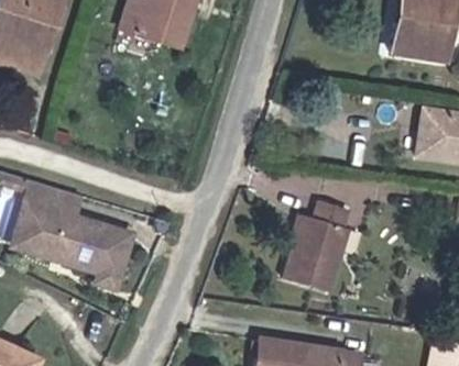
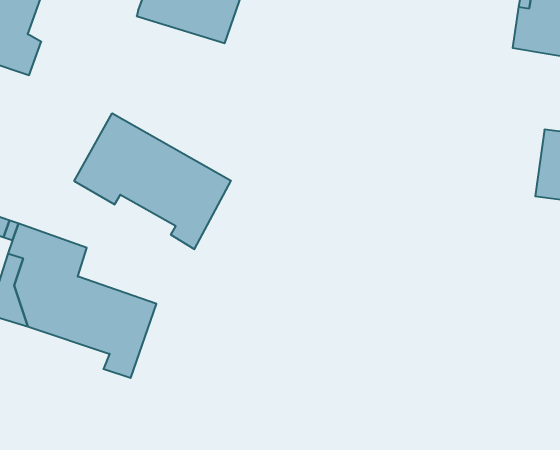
building: none -> [74,113,231,249]
building: [286,204,346,297] -> none

